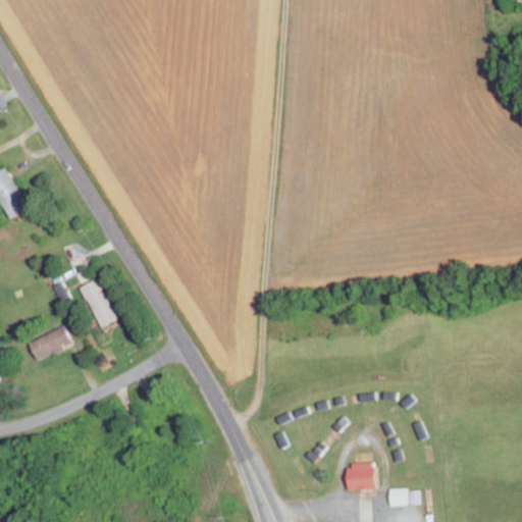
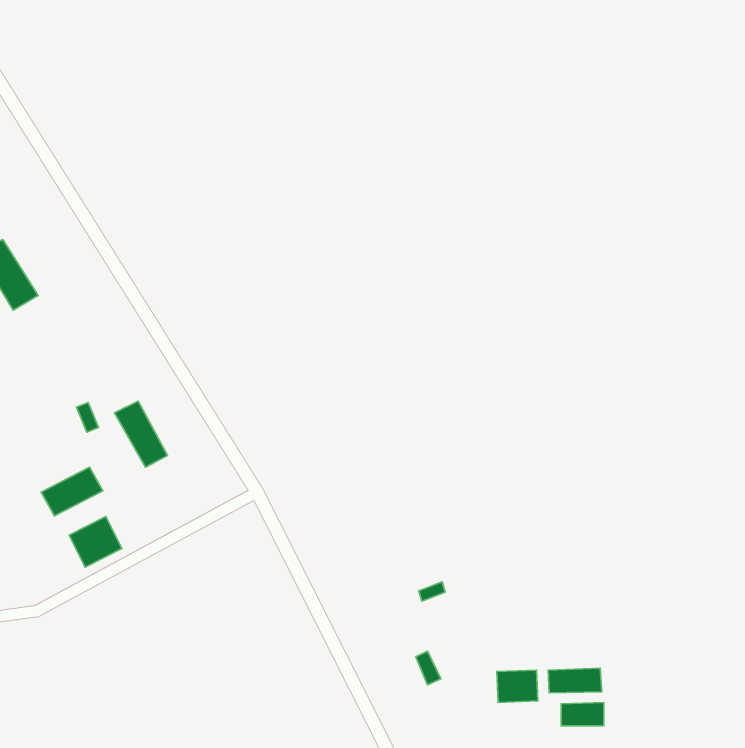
building: none -> [69,517,122,567]
building: none -> [548,668,602,693]

